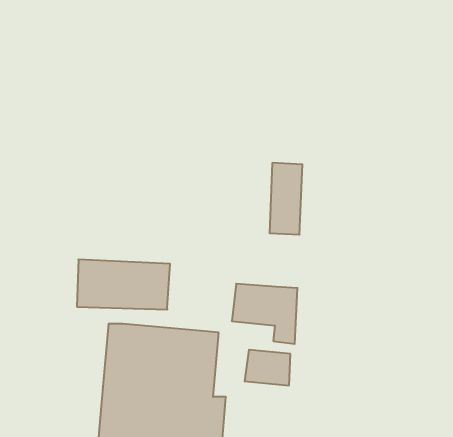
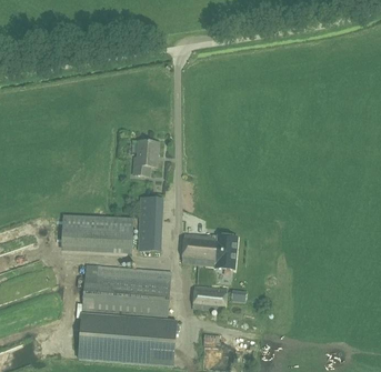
building: [269,163,302,235] -> [138,197,163,252]
building: none -> [132,141,158,172]

